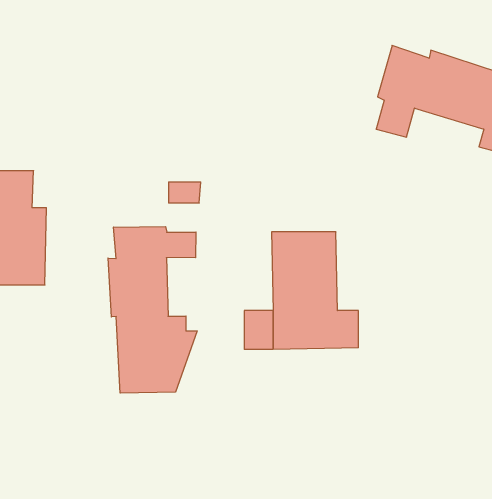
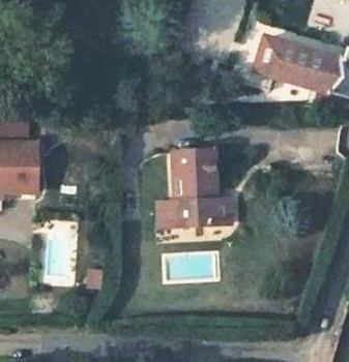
building: [108,227,197,393] -> none

